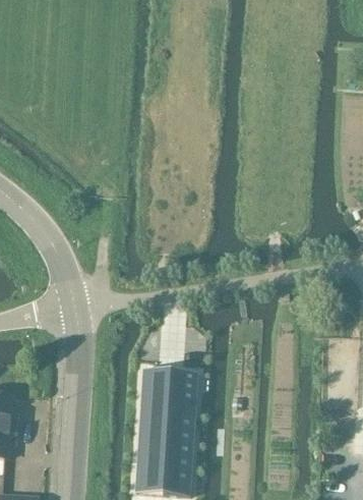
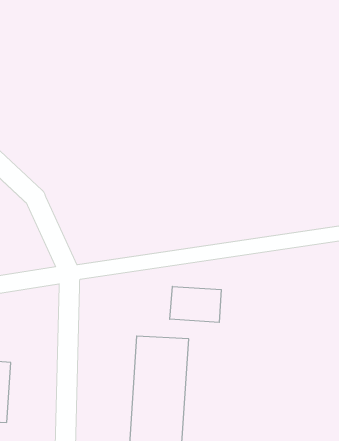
building: none -> [170,286,221,322]

